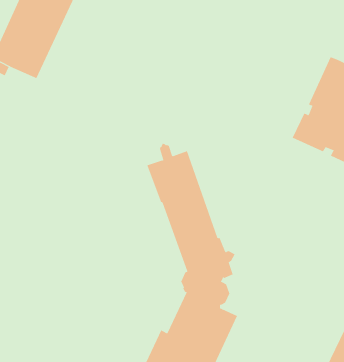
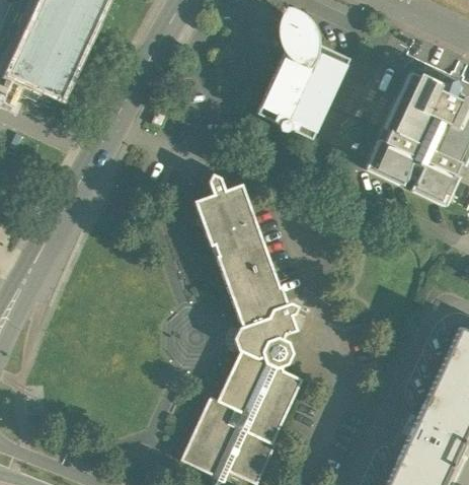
building: none -> [256,14,349,139]

